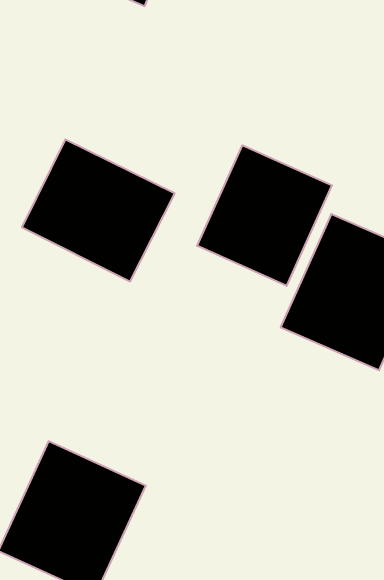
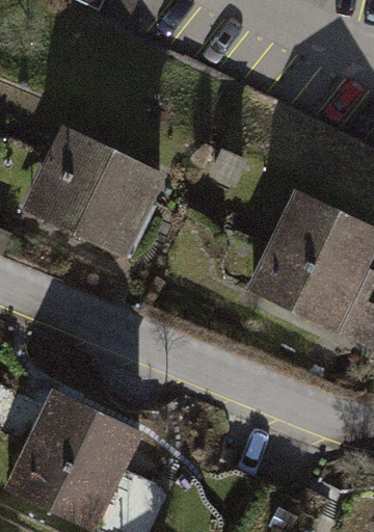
building: [197,145,332,286] -> none

